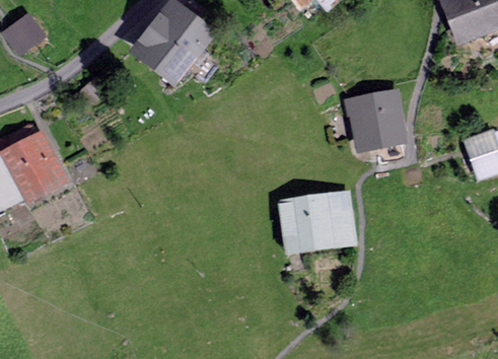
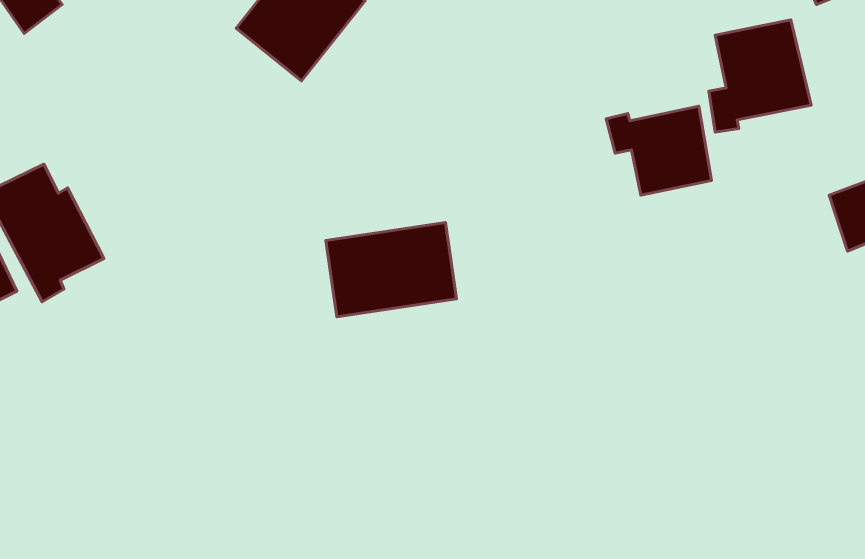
building: none -> [709,20,811,132]
building: [281,197,354,249] -> [326,223,456,317]

